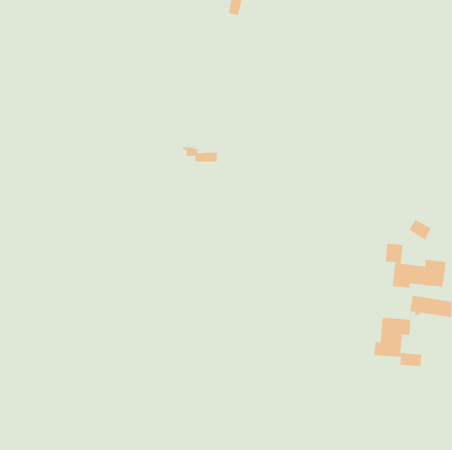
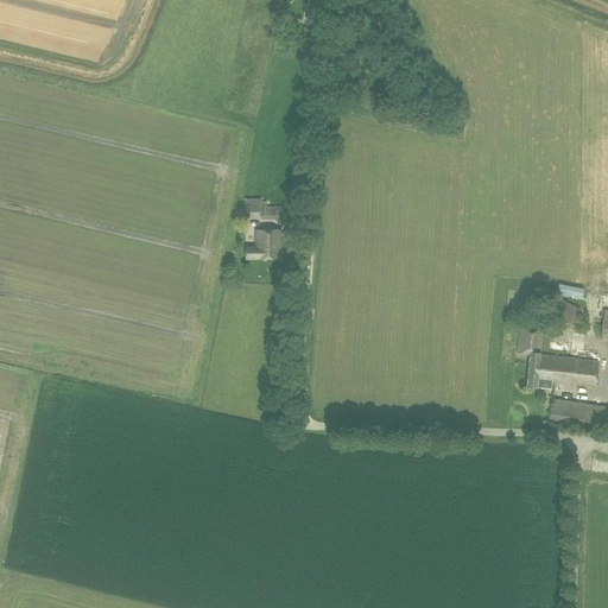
building: none -> [245,227,280,256]
building: [374,317,422,367] -> none

